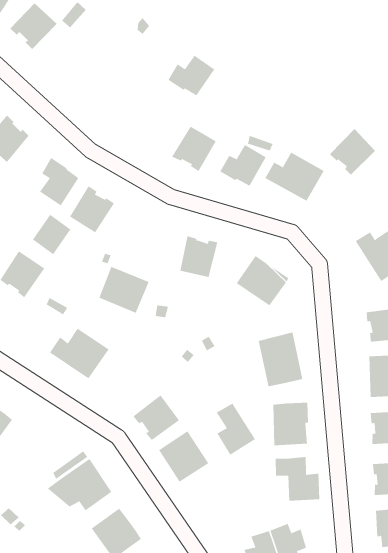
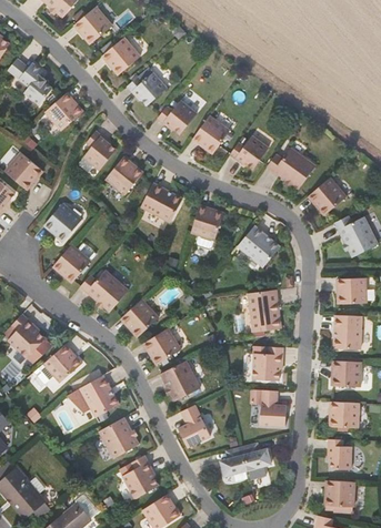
building: none -> [102,38,140,75]
building: [168,55,215,96] -> [158,101,197,134]
building: none -> [127,68,167,106]
building: [329,128,376,176] -> [307,175,344,213]
building: [32,214,71,255] -> none
building: [99,266,150,314] -> [141,183,183,223]
building: none -> [52,245,90,283]
building: none -> [119,299,157,337]
building: [216,403,256,456] -> [179,405,210,447]
building: none -> [43,345,82,383]

